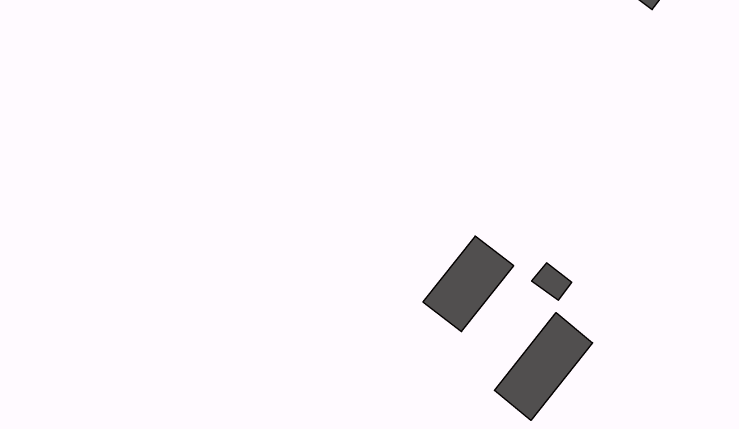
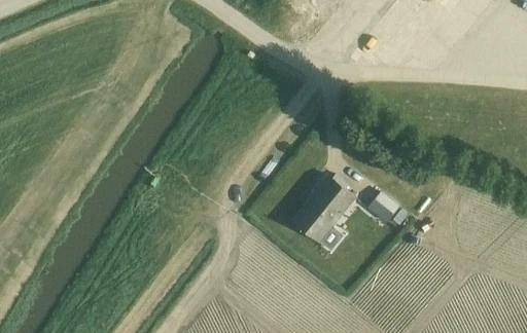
building: [494,313,593,420] -> none

